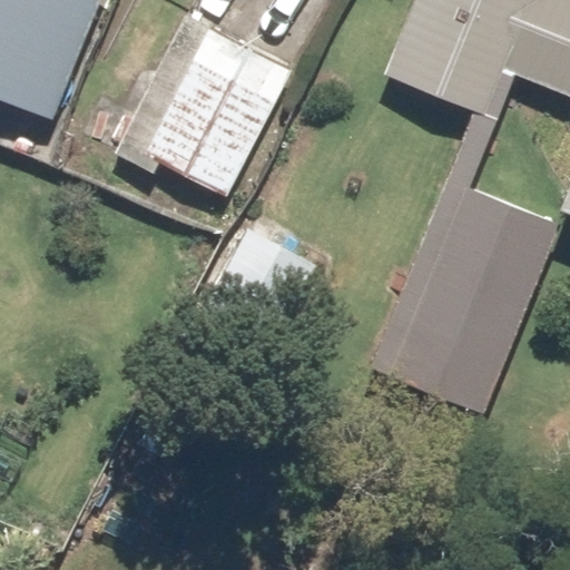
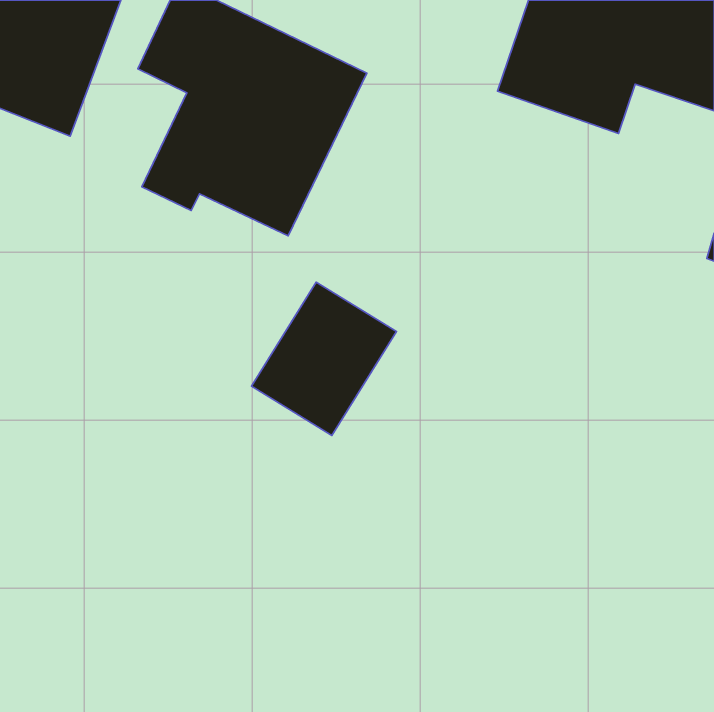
building: [391,189,560,415] -> none

